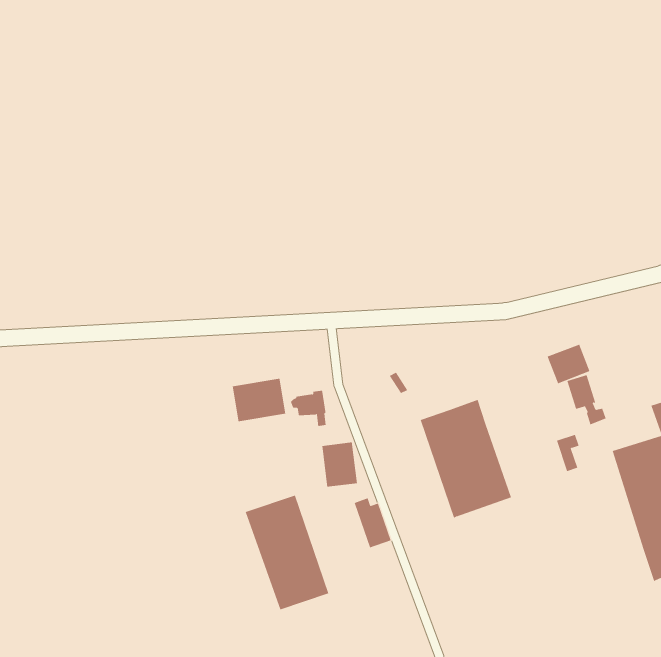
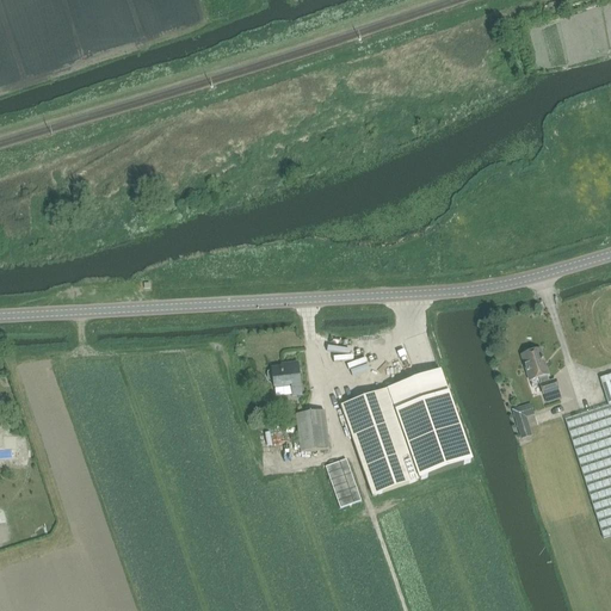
building: [547,344,590,384] -> none
building: [232,378,286,422] -> none
building: [245,495,329,610] -> [341,387,419,493]

